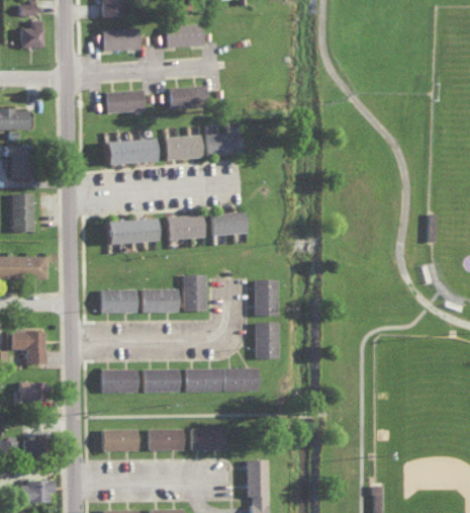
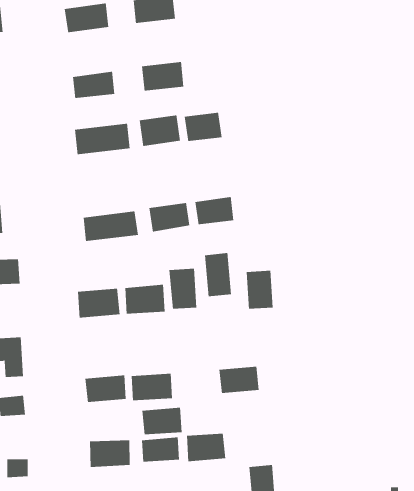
building: [255,322,278,361] -> [204,253,232,297]
building: [184,368,220,392] -> [141,407,182,435]

